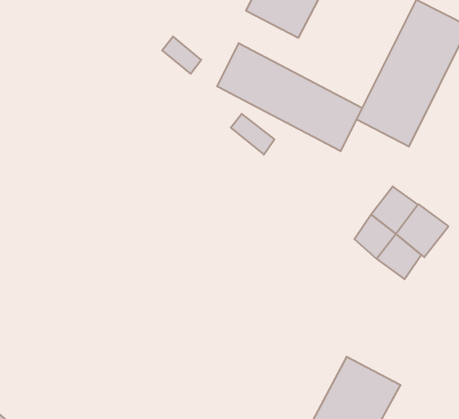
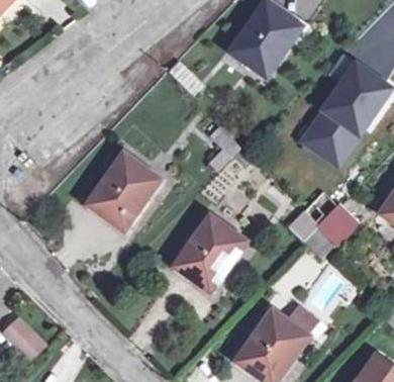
building: [217,43,362,151] -> none
building: none -> [87,153,160,229]
building: none -> [174,214,245,290]

